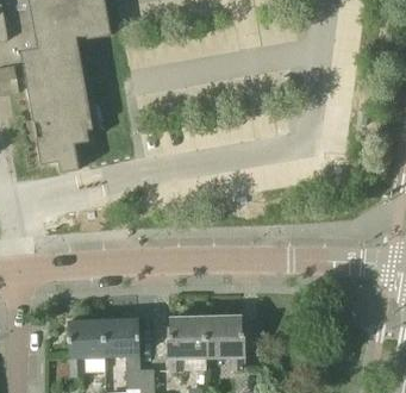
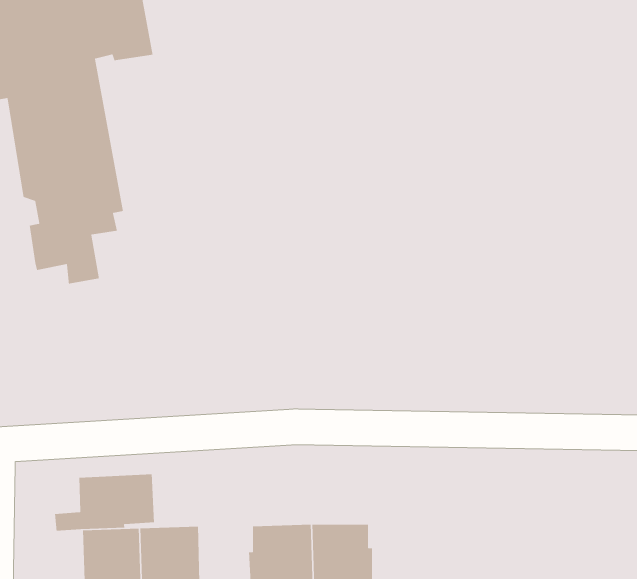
building: none -> [54,474,155,531]

